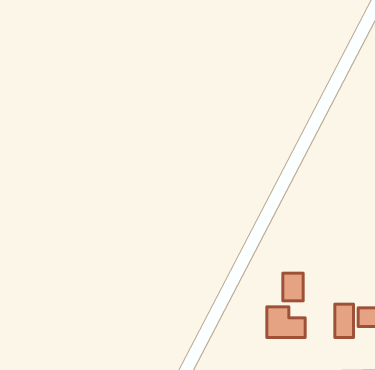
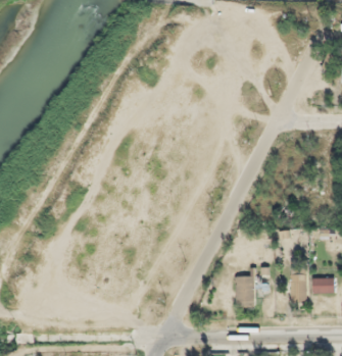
building: [283,273,303,301] -> none

